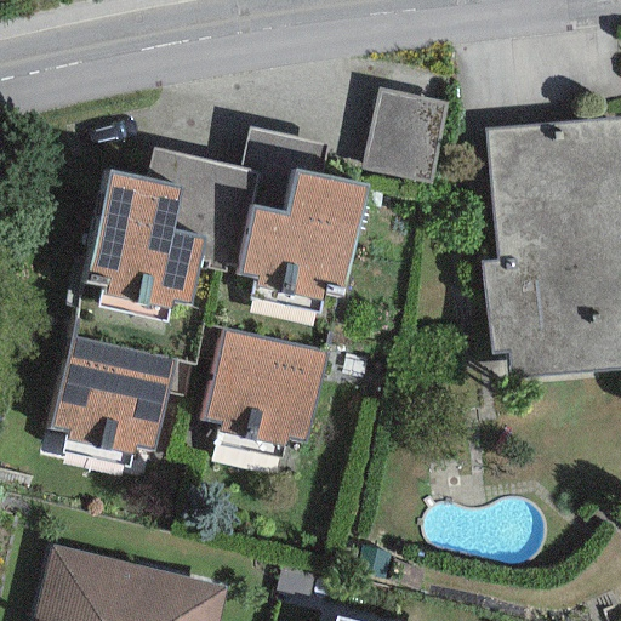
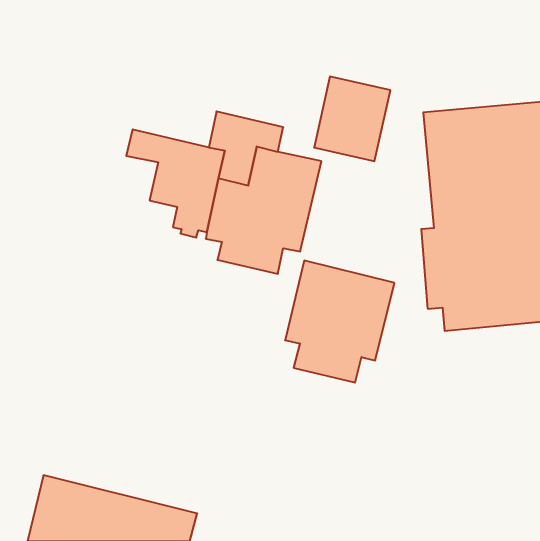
building: [86,170,205,323] -> none
building: [203,325,327,465] -> [285,261,394,383]
building: [51,336,175,467] -> none

